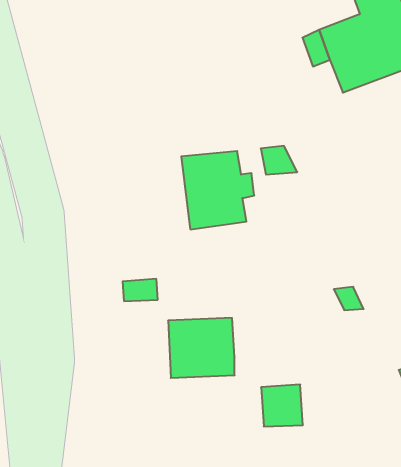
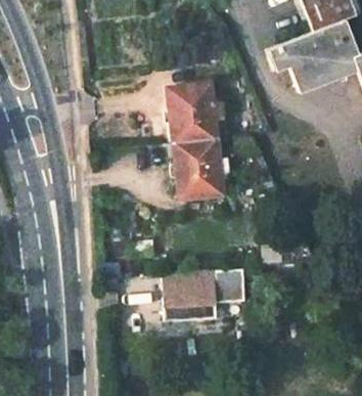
building: none -> [167,83,224,143]
building: [261,385,303,426] -> [213,268,245,301]

